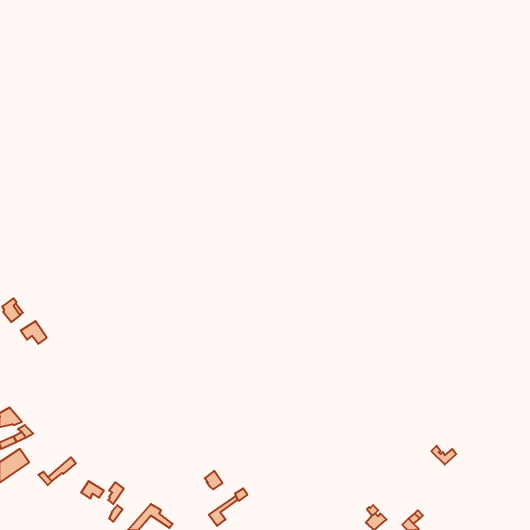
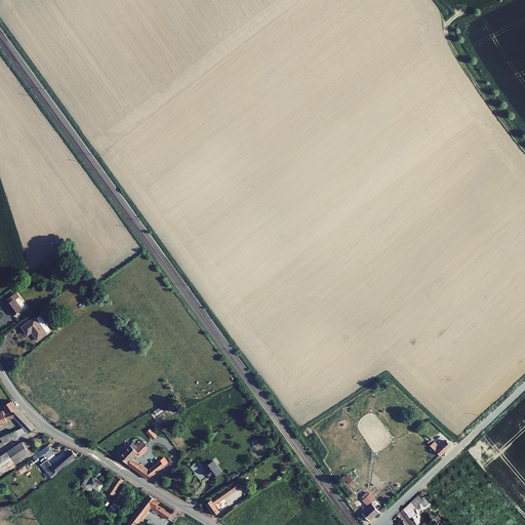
building: none -> [122,440,164,479]

